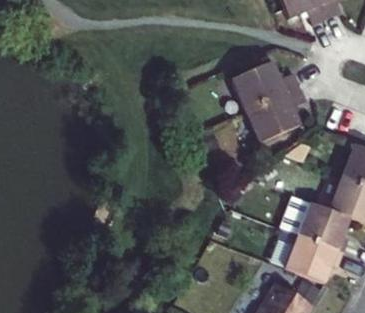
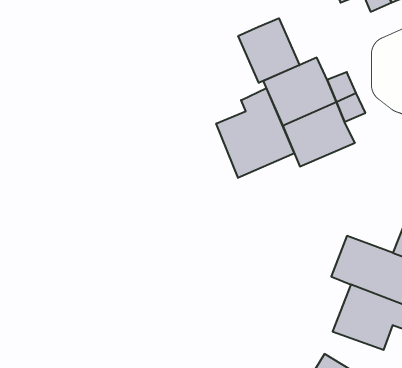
building: none -> [238,18,300,83]
building: none -> [216,88,294,178]

